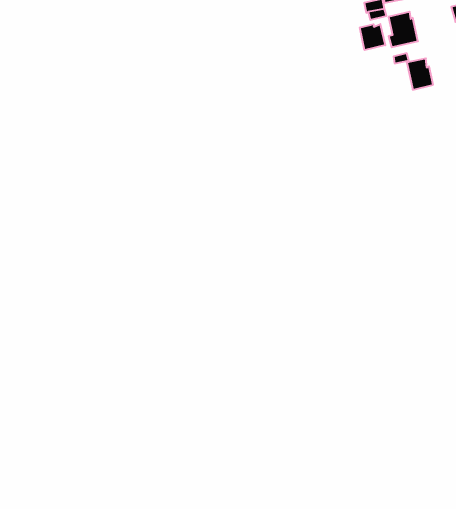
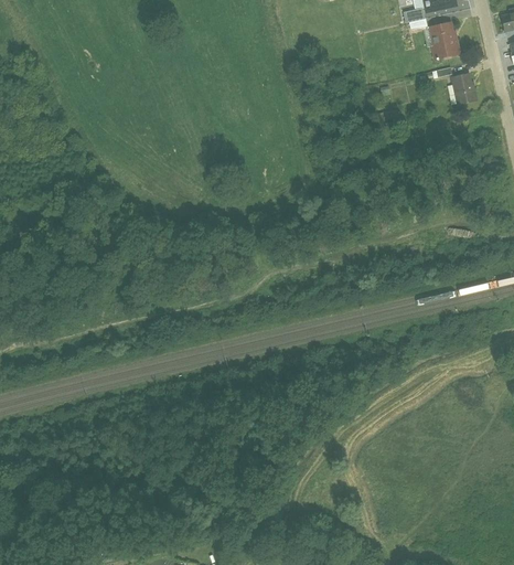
building: [360,24,385,50] -> none

